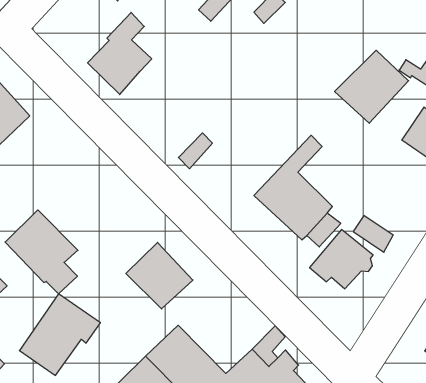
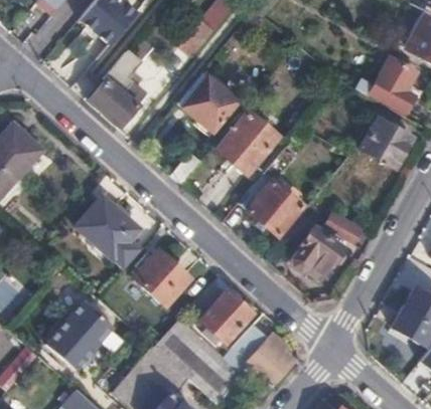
building: none -> [178,72,238,134]
building: [335,50,409,123] -> [217,114,279,176]
building: [5,210,78,294] -> [77,196,140,266]
building: none -> [194,281,254,342]

